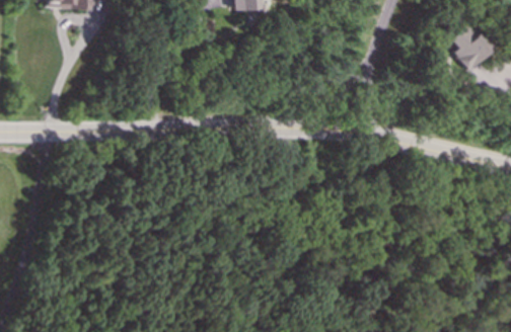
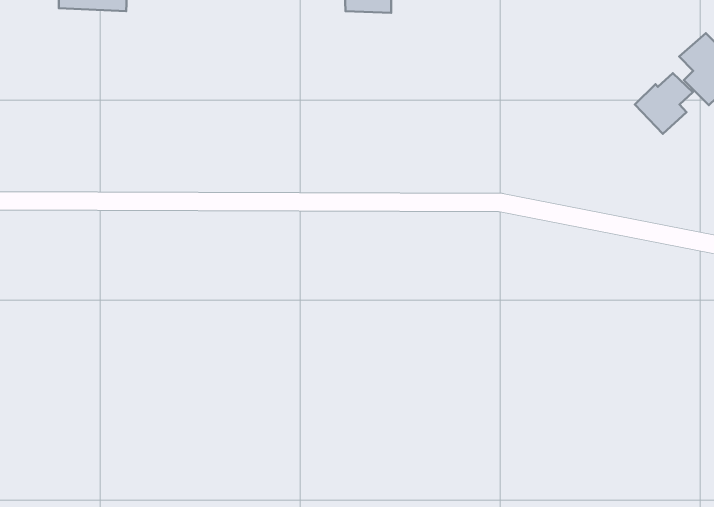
building: none -> [635,73,693,134]

